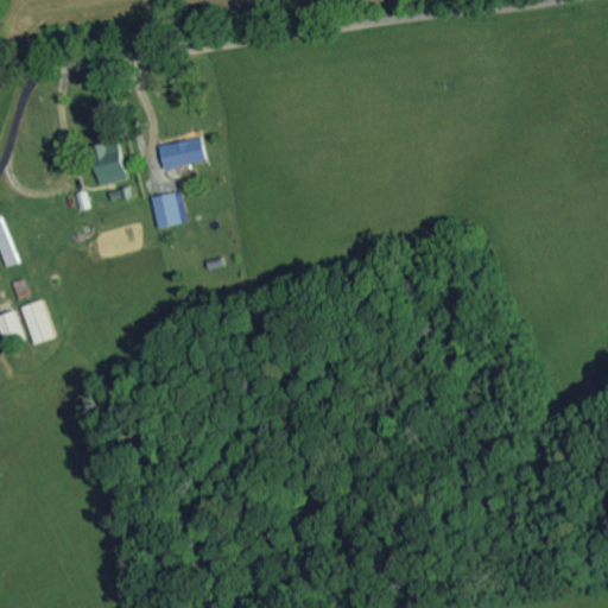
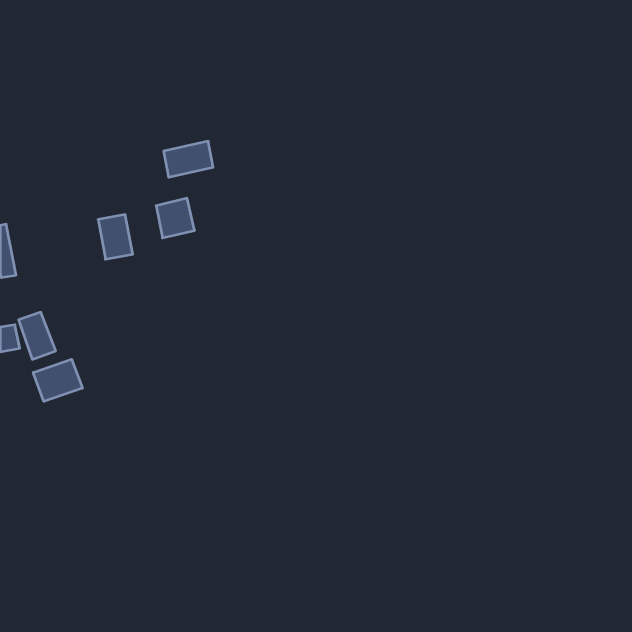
building: [91,142,125,185] -> [98,215,133,259]
building: none -> [33,359,82,401]

